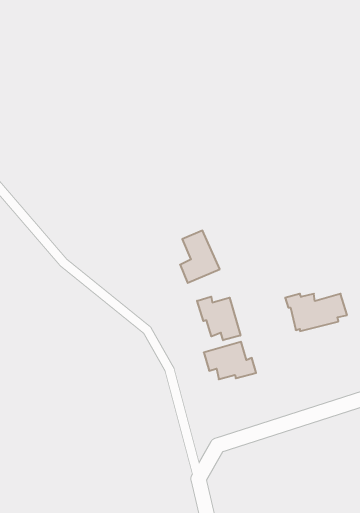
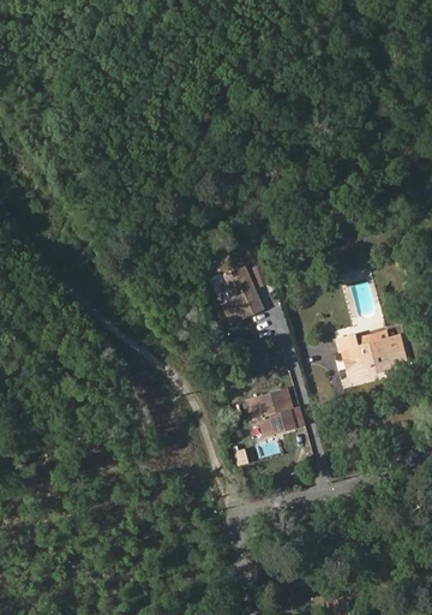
building: [197,297,240,340] -> none

